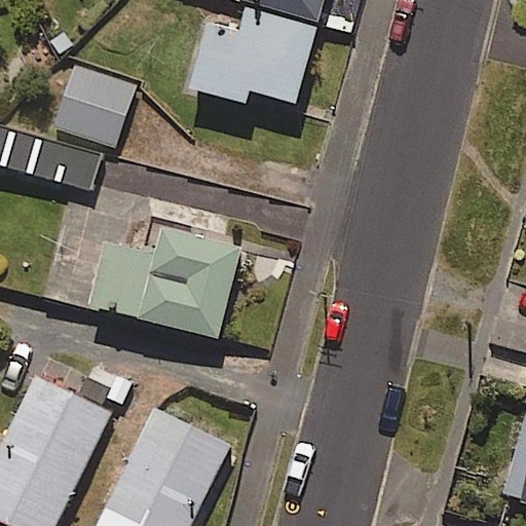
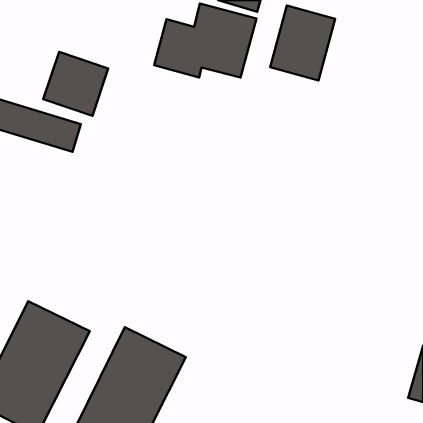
building: none -> [270,5,335,80]
building: [43,204,240,339] -> none

